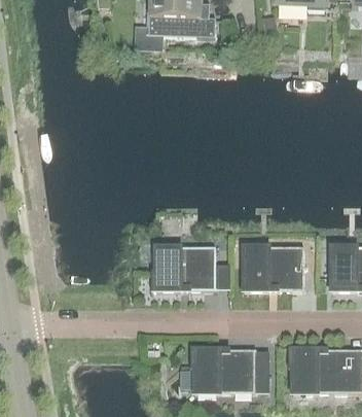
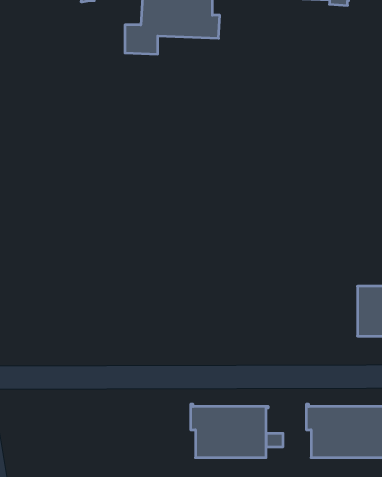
building: [151,246,216,290] -> none
building: [244,246,304,288] -> none

